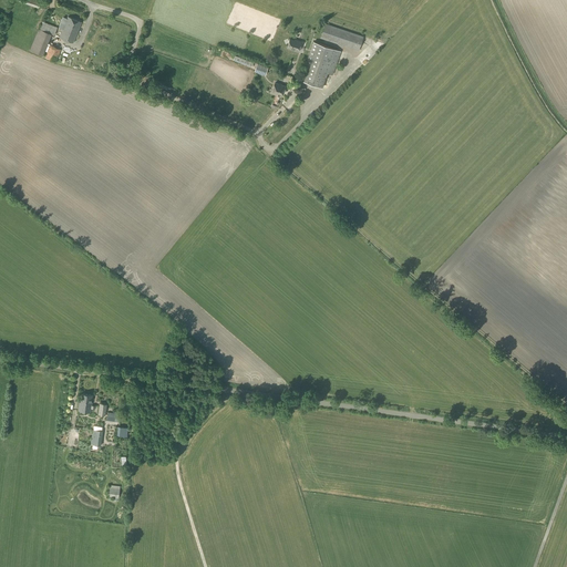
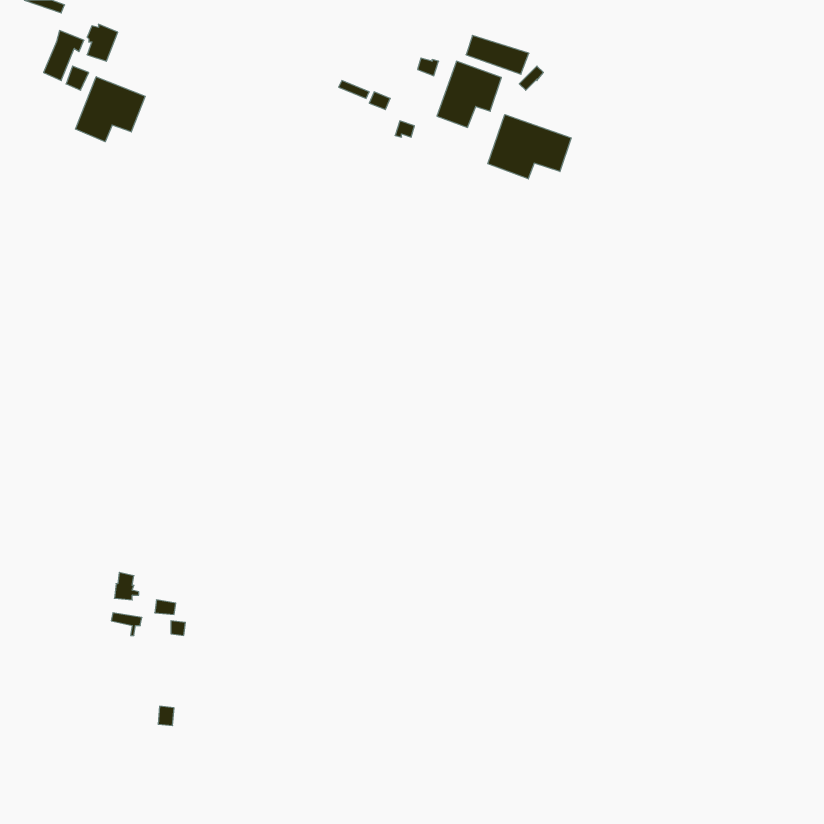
building: none -> [76,77,145,142]
building: none -> [488,115,571,179]

